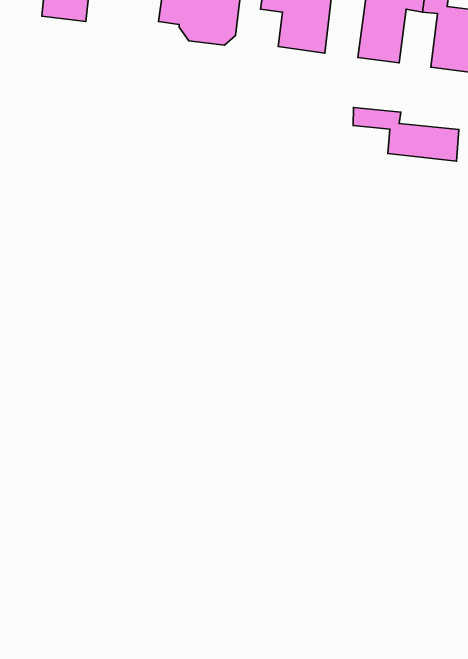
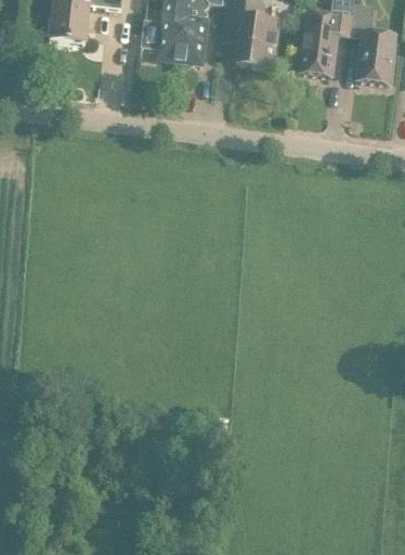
building: [353,107,459,161] -> none

